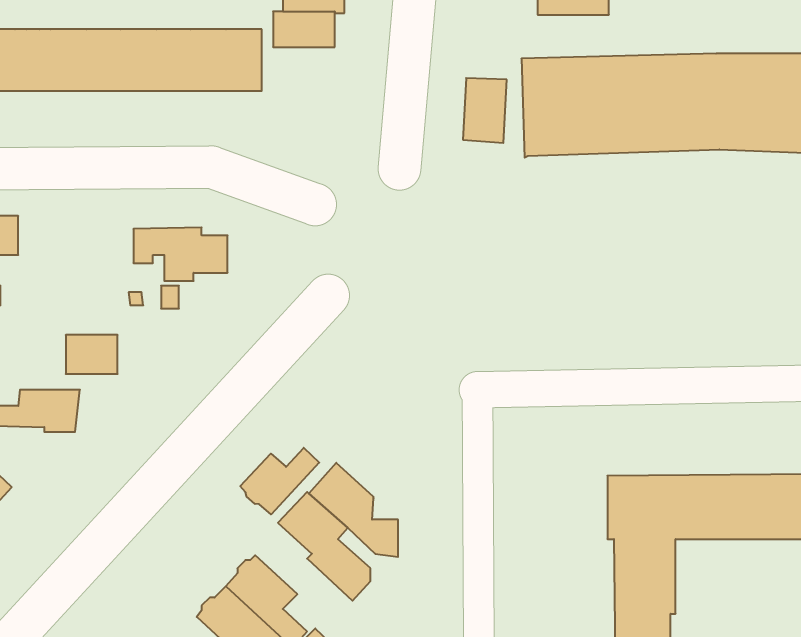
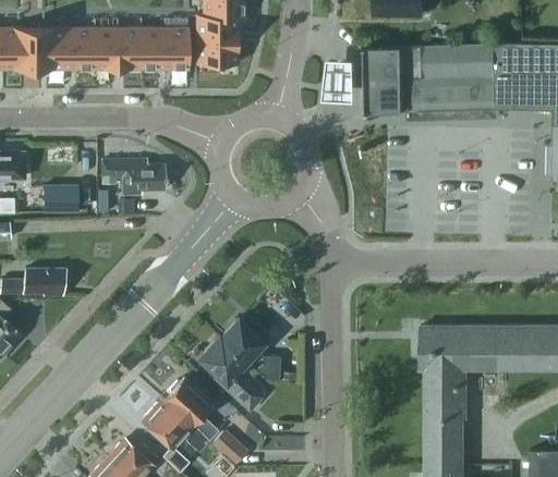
building: none -> [196,39,238,64]
building: [66,335,118,374] -> [43,185,77,211]
building: [240,448,319,514] -> none

